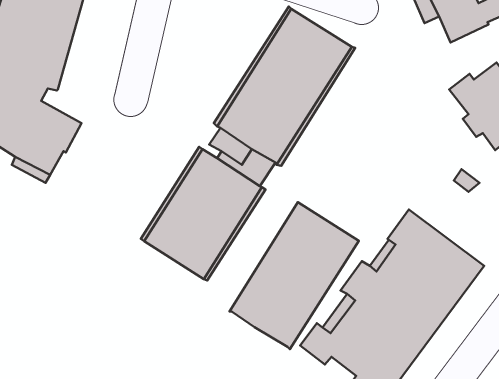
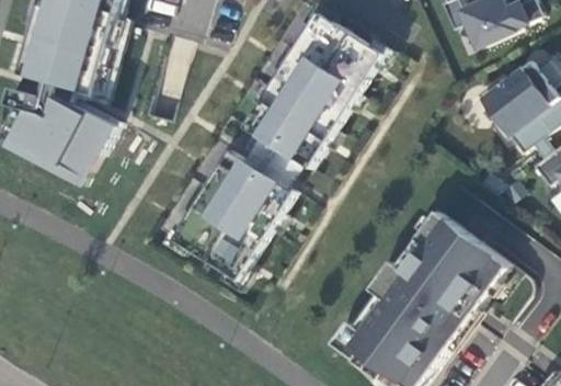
building: [230,202,359,349] -> none

